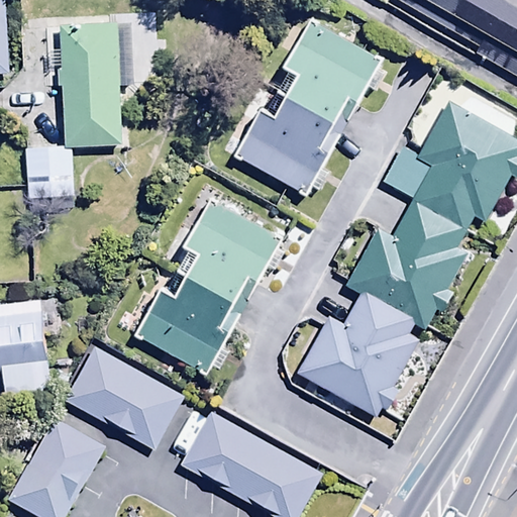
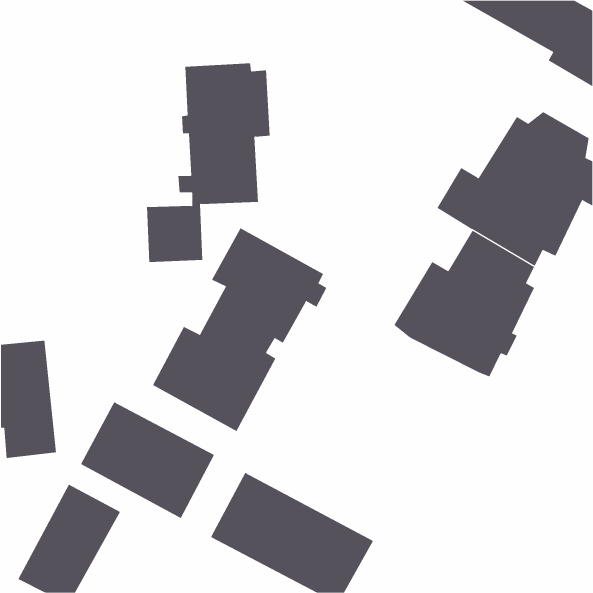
building: [233,19,379,193] -> none
building: [24,21,132,195] -> [146,63,270,262]
building: [299,294,419,414] -> none

